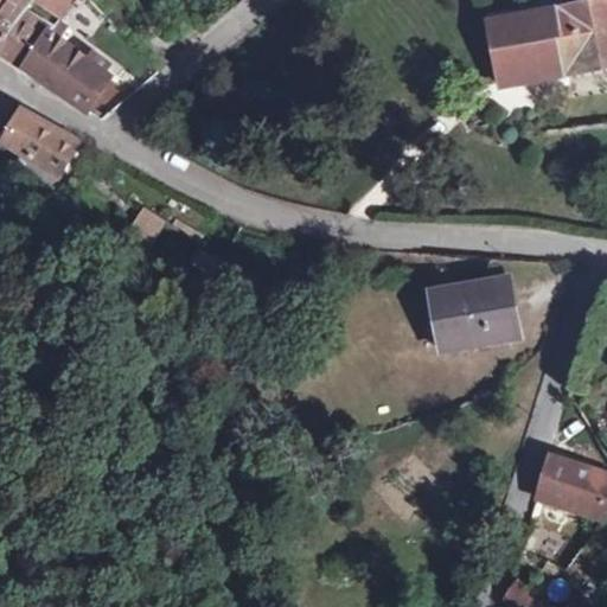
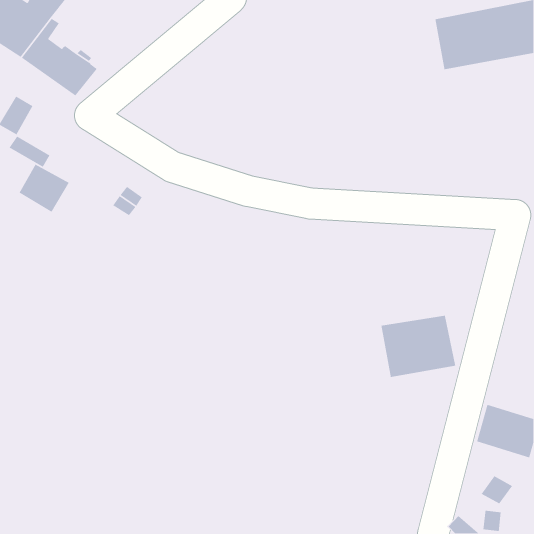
building: [19,120,77,175] -> [18,164,70,213]
building: [433,280,518,351] -> [381,315,456,378]

